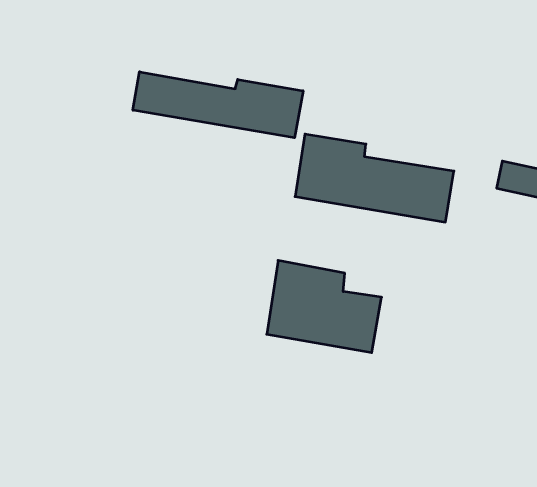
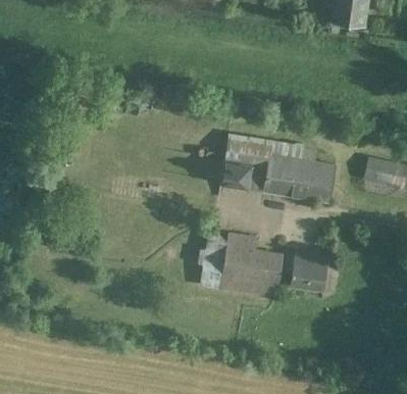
building: [133,72,303,138] -> none
building: none -> [287,250,329,287]

